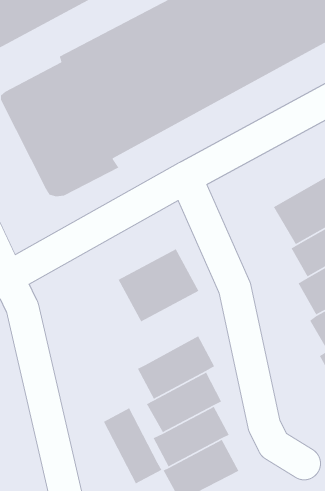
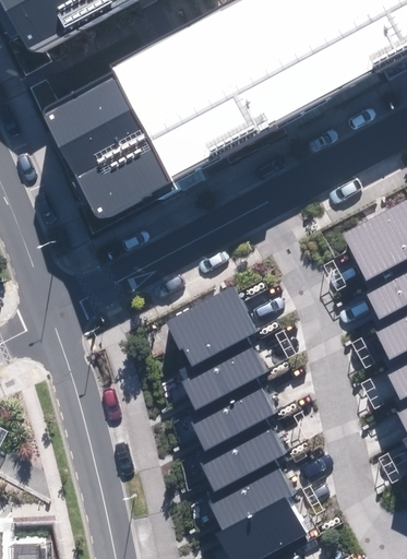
building: none -> [179,336,270,412]
building: [103,407,162,485] -> none

